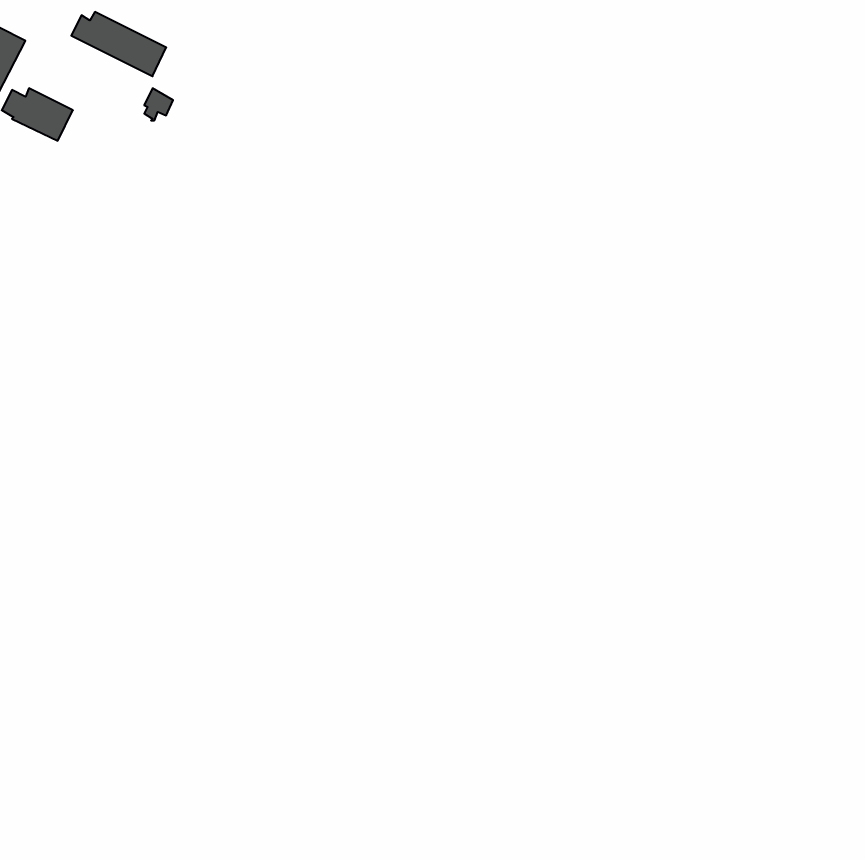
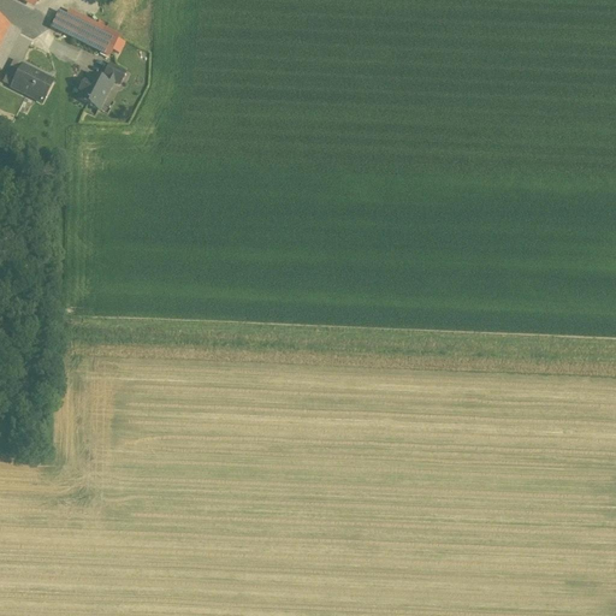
building: none -> [76,73,108,107]

